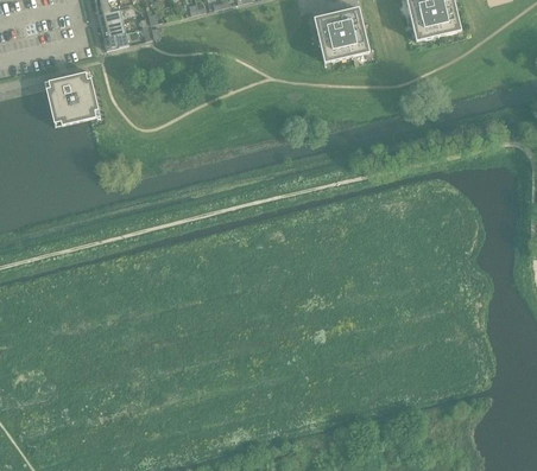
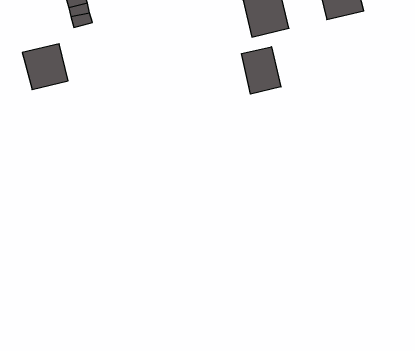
building: none -> [242,47,281,94]

